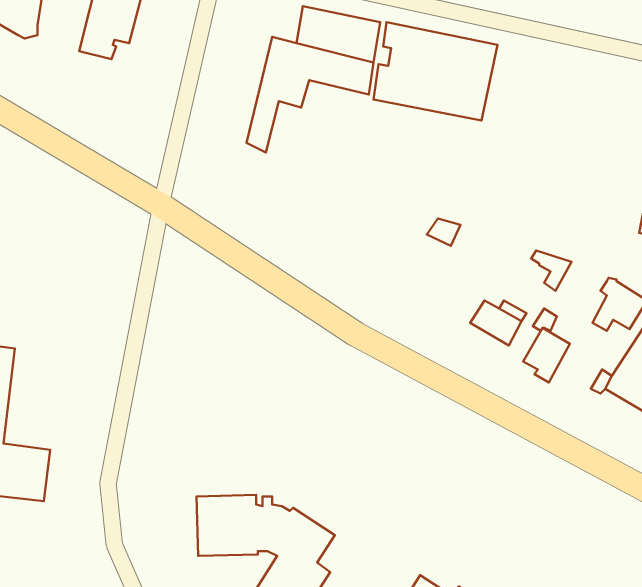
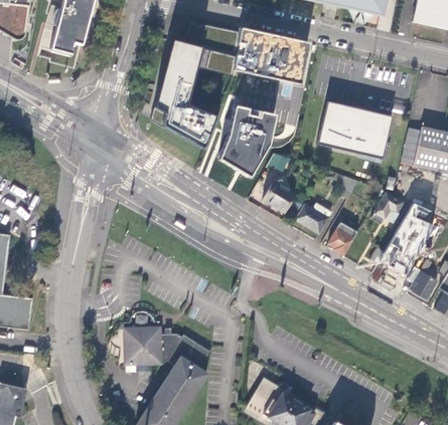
building: none -> [152,79,215,147]
building: none -> [219,85,304,179]
building: none -> [317,101,391,159]
building: none -> [263,177,295,212]

